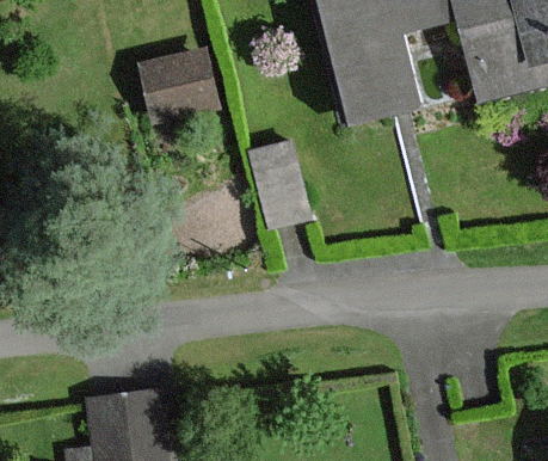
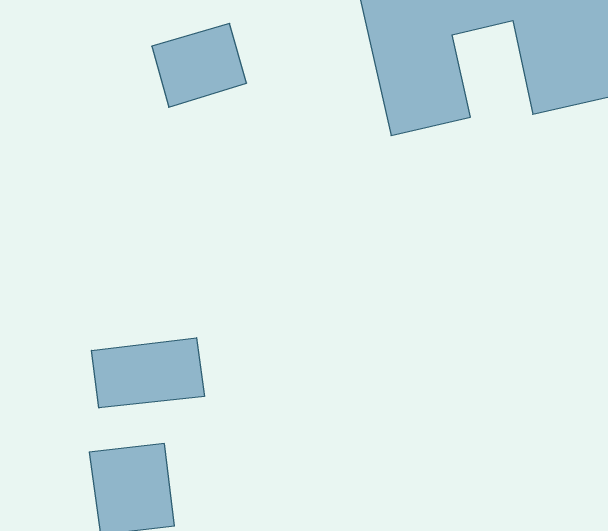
building: none -> [92,338,204,408]

